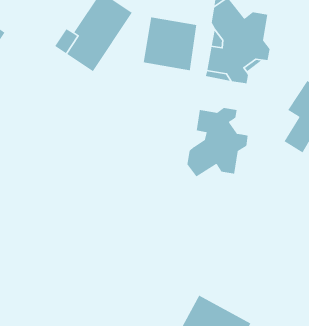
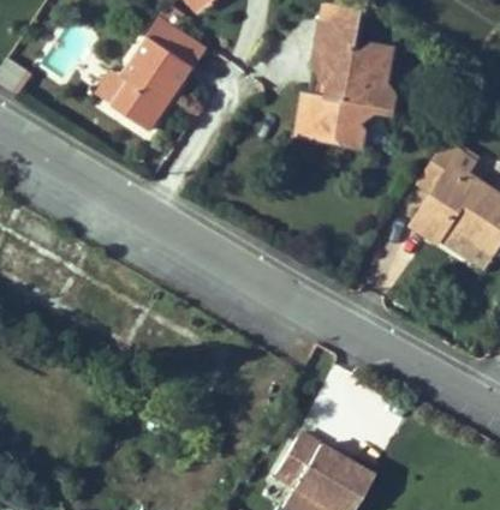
building: [143,17,197,71] -> none
building: [187,107,248,178] -> none

